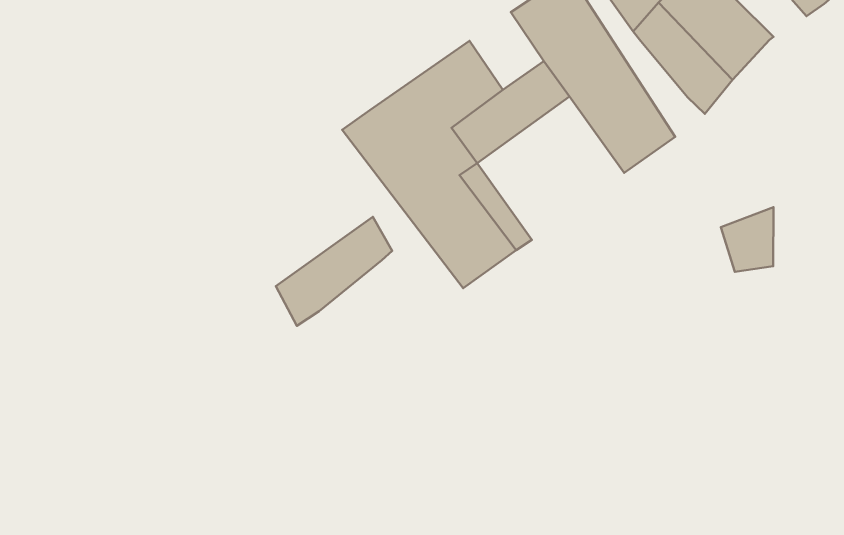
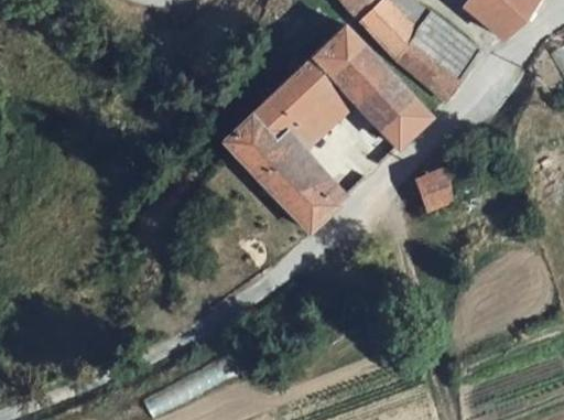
building: none -> [293,55,340,104]
building: [721,207,773,272] -> [416,163,452,206]
building: [276,217,392,326] -> none

